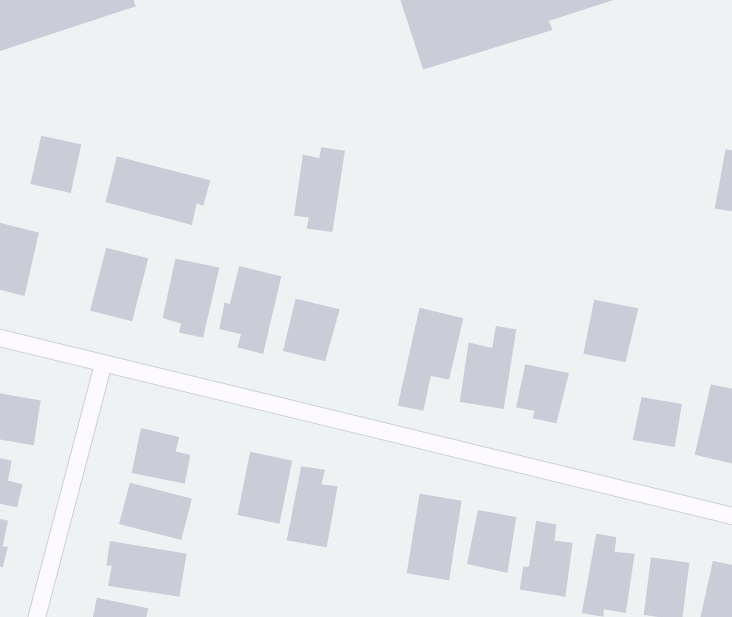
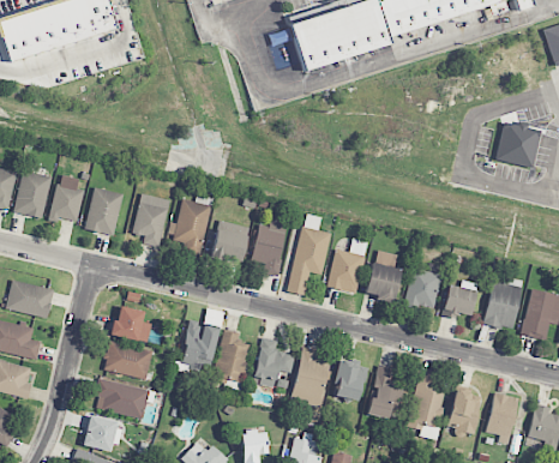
building: [29,135,82,193] -> [49,185,84,223]
building: [293,147,346,232] -> [252,220,287,276]
building: [105,156,211,226] -> none
building: [583,299,639,363] -> [404,269,441,311]
building: none -> [253,338,295,385]

